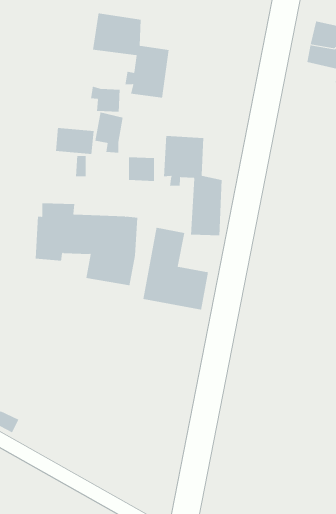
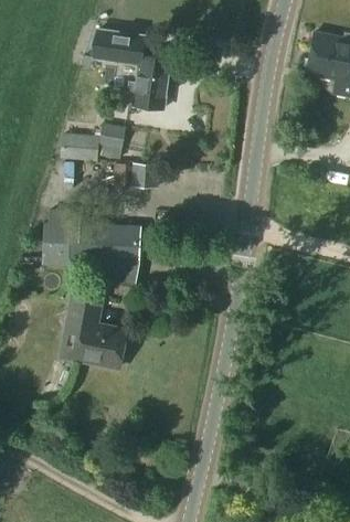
building: [90,86,120,113] -> none
building: [164,135,222,236] -> none
building: [142,227,209,310] -> [61,287,126,369]

